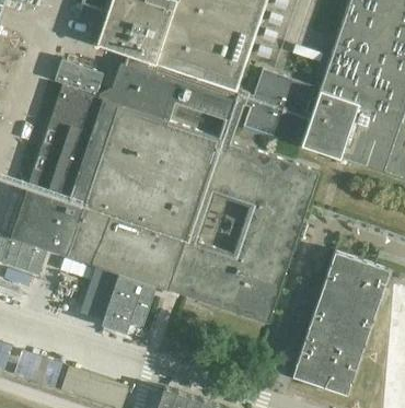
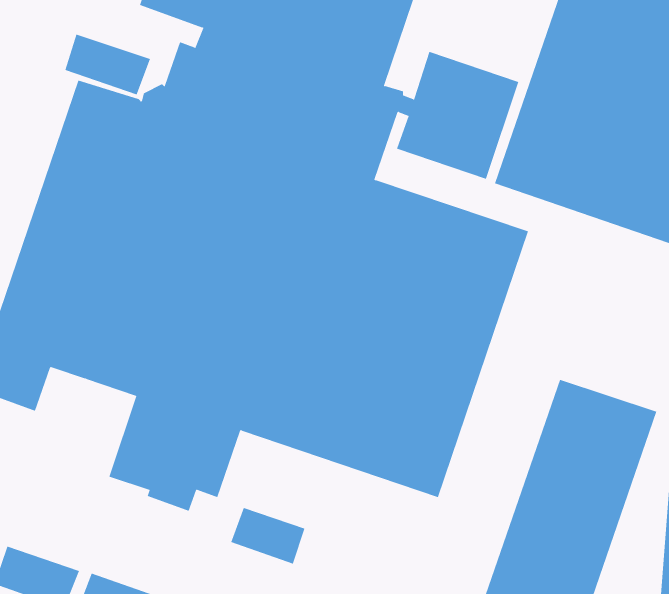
building: none -> [230,507,305,565]

